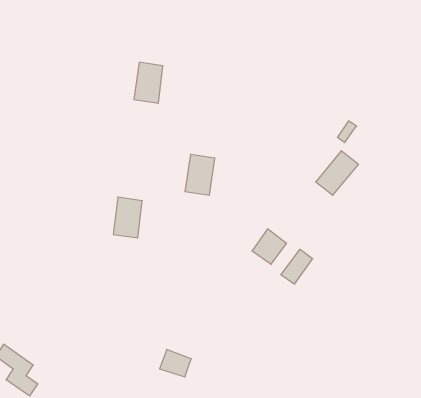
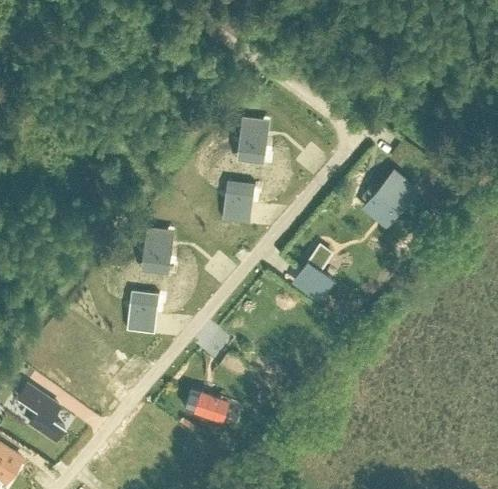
building: [134,62,163,103] -> [236,118,268,163]
building: [281,249,313,284] -> none
building: none -> [129,287,161,332]

